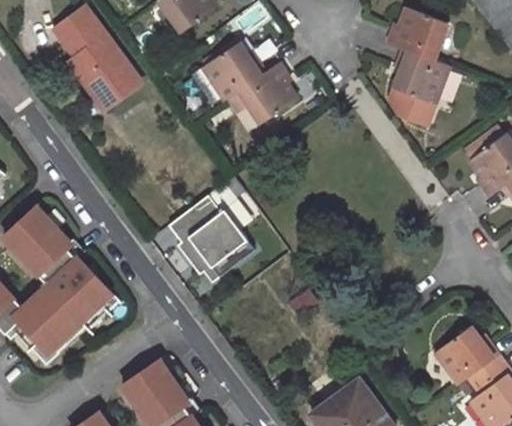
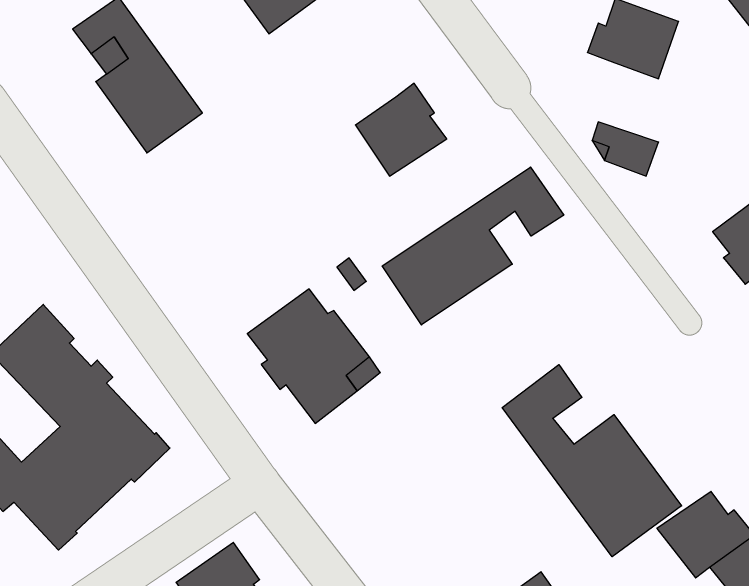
building: [204,42,264,98] -> none
building: [395,49,449,102] -> none
building: none -> [382,167,564,325]
building: none -> [502,365,682,557]

